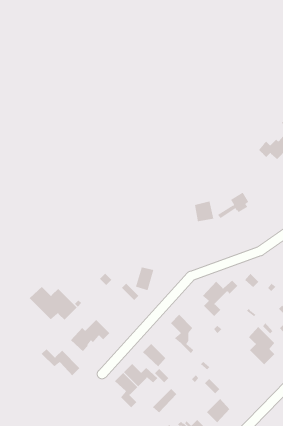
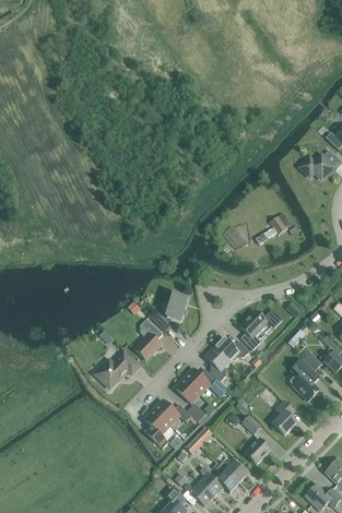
building: [29,286,77,321] -> none
building: none -> [134,319,162,359]
building: none -> [214,336,249,361]
building: none -> [184,368,217,394]
building: [41,348,80,376] -> none
building: none -> [272,401,296,436]

